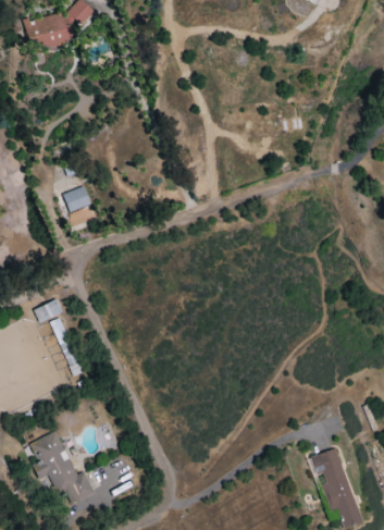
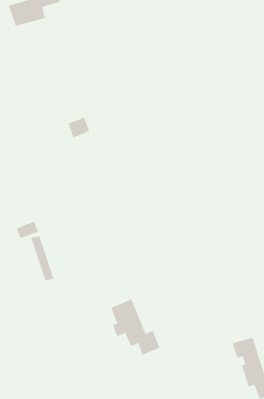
building: [63,186,91,213] -> [68,117,90,138]
building: [30,431,95,504] -> [110,299,161,355]

